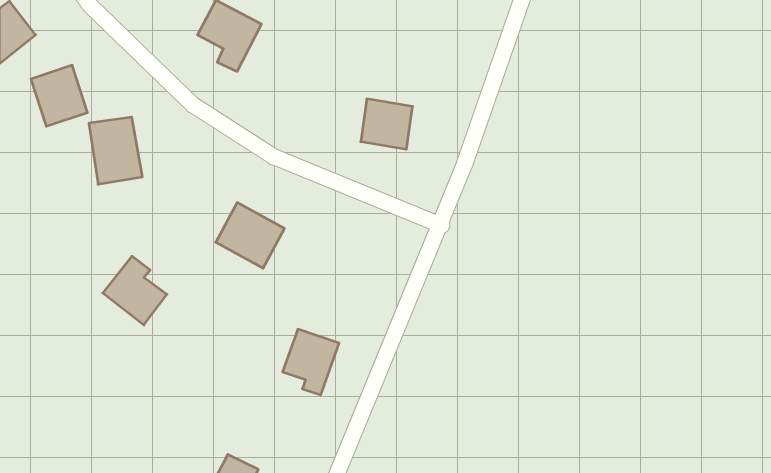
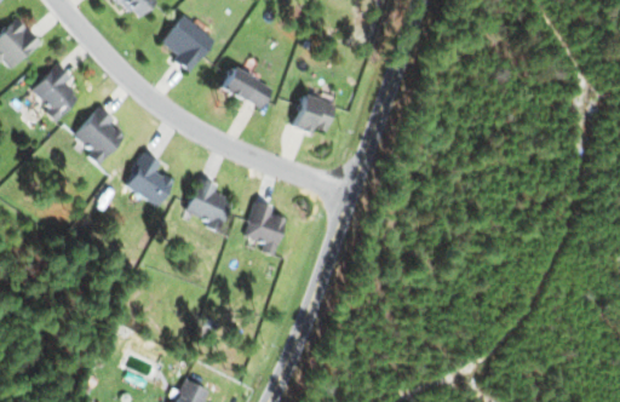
building: none -> [218,65,275,108]
building: [103,256,167,325] -> [121,151,172,206]
building: [283,329,339,395] -> [246,203,291,255]

